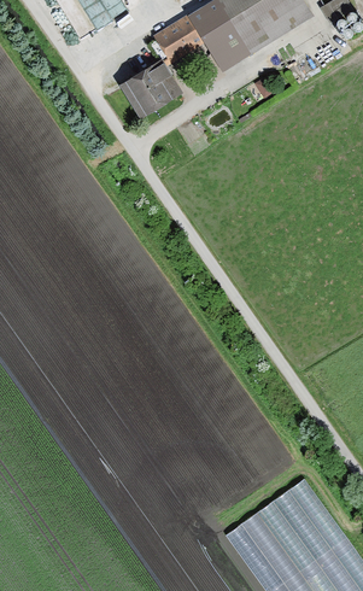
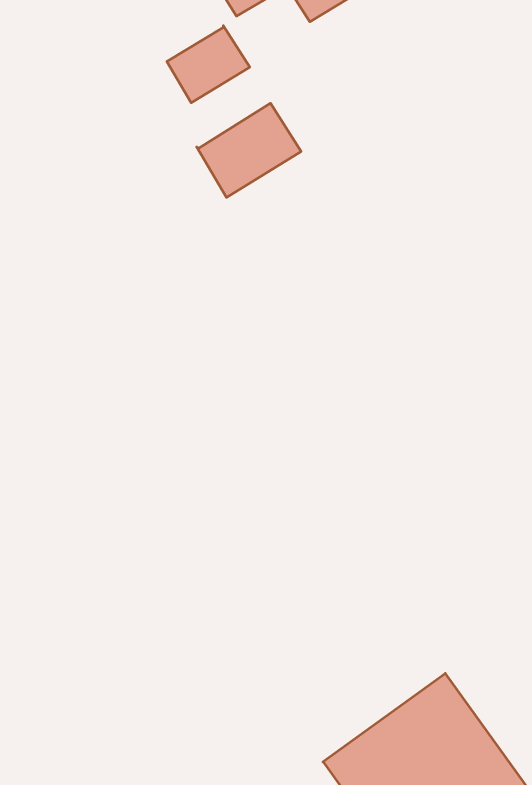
building: none -> [197,103,301,197]

